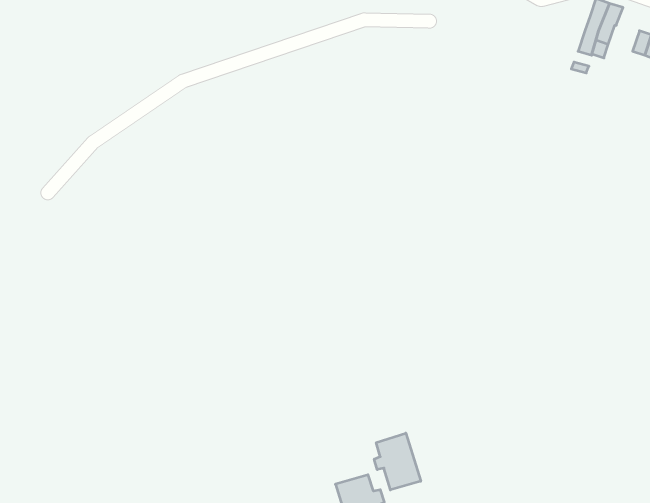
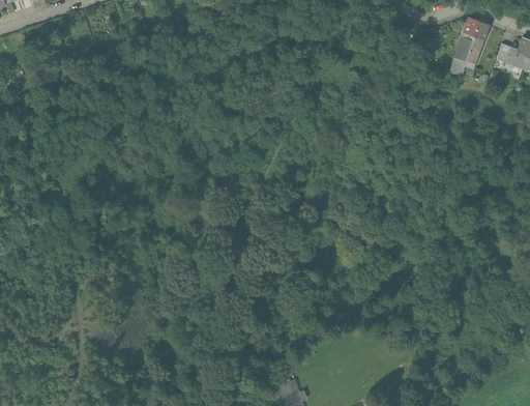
building: [374,433,421,490] -> none

